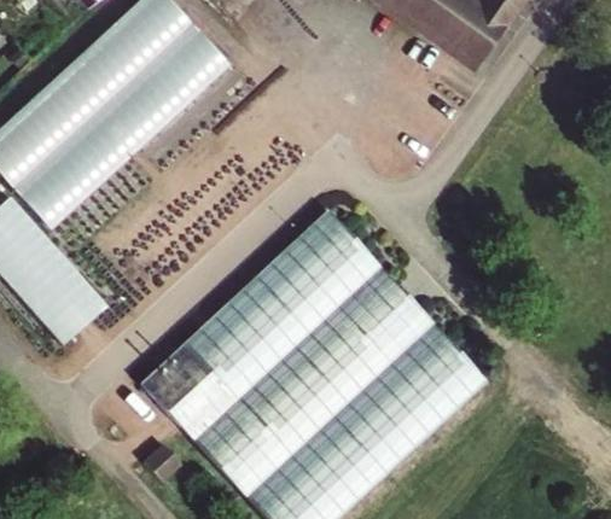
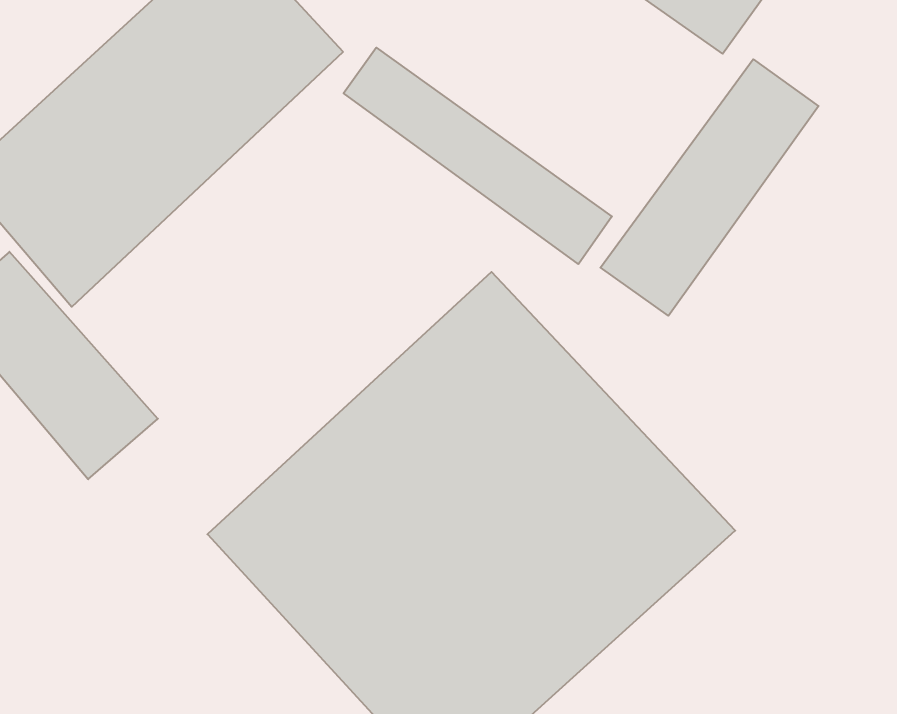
building: none -> [344,48,612,264]
building: none -> [600,59,819,316]

